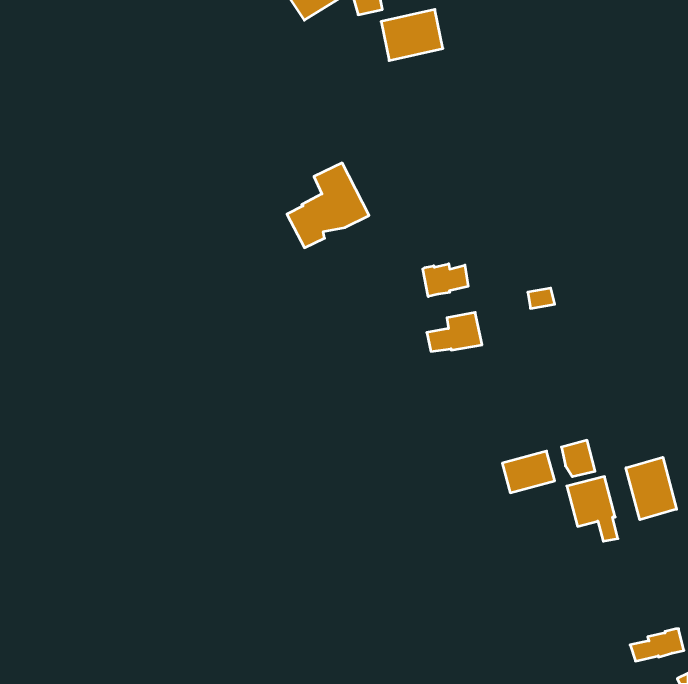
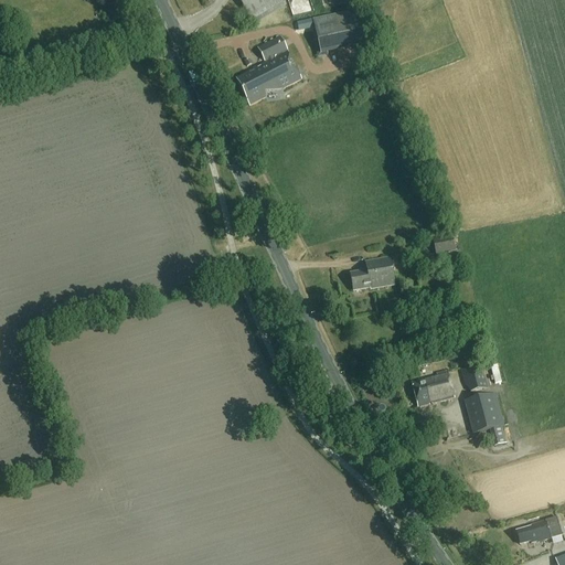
building: [287,163,369,248] -> [235,34,302,104]
building: [423,264,468,297] -> none
building: [626,457,677,520] -> none

